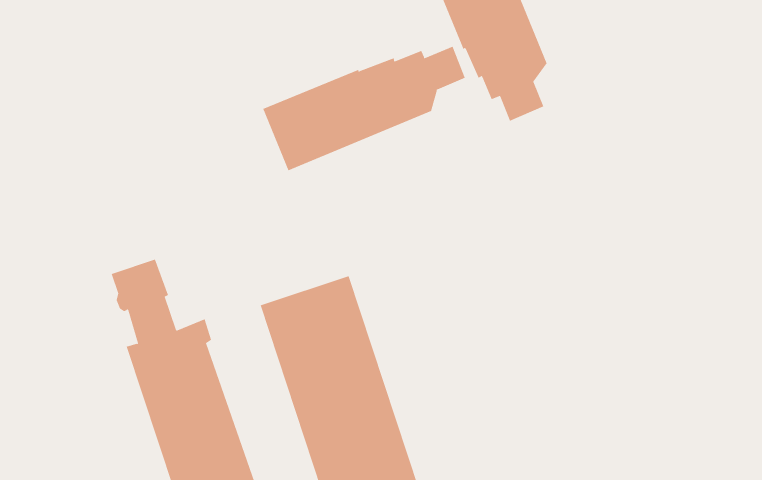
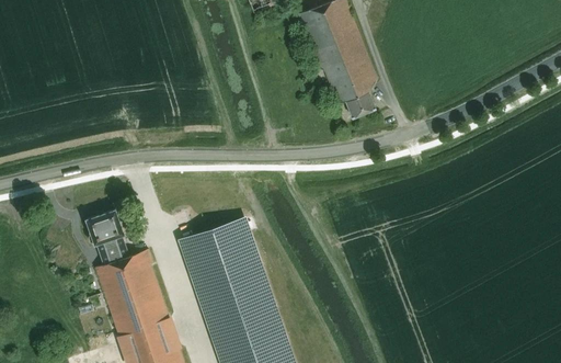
building: [262,46,466,171] -> none

